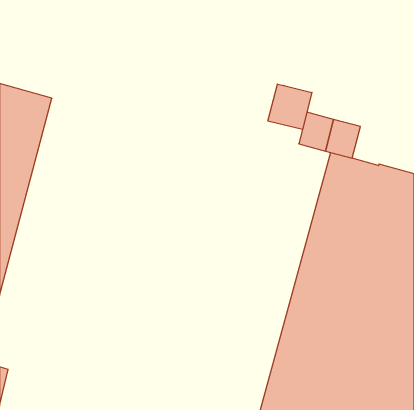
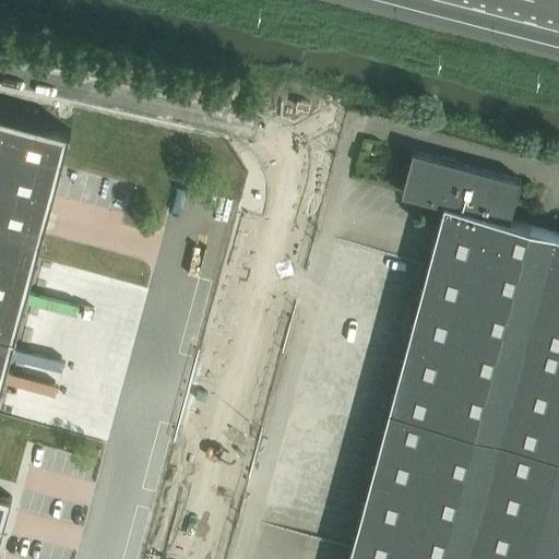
building: [268,84,312,129] -> none
building: none -> [474,177,521,229]

